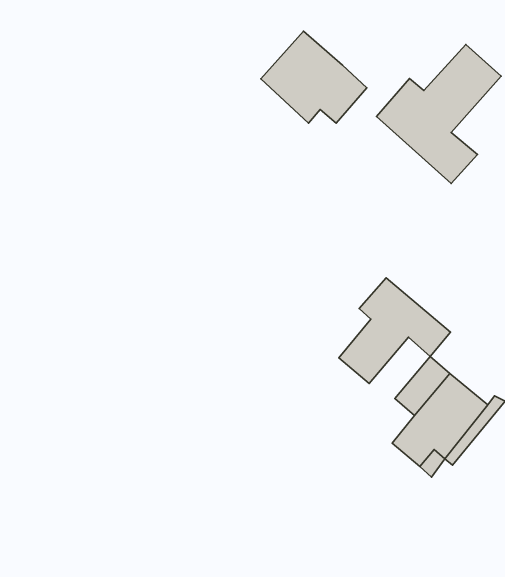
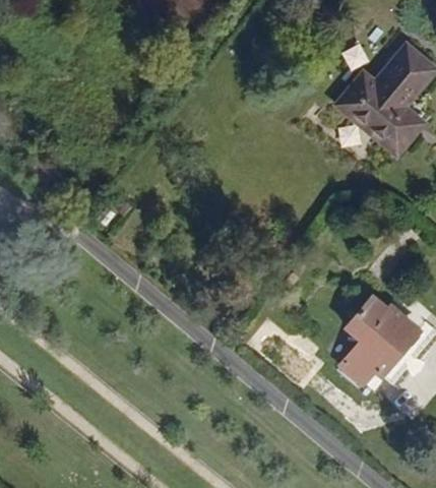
building: [261,31,367,123] -> none
building: [339,278,450,384] -> none

